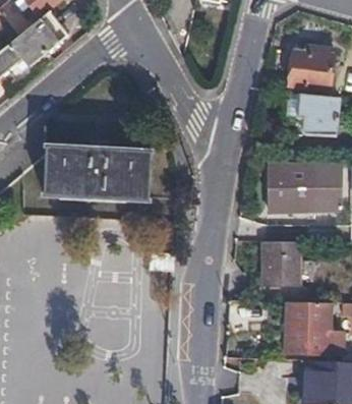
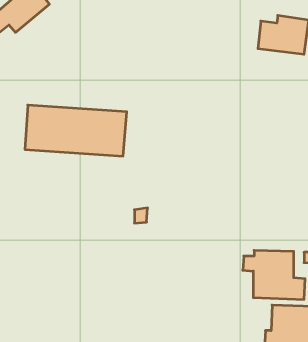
building: [288,93,341,135] -> none
building: [268,167,339,212] -> none
building: [261,241,298,286] -> none

